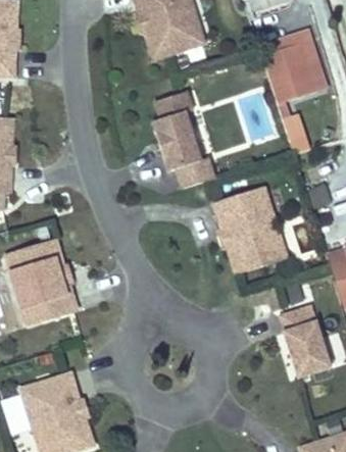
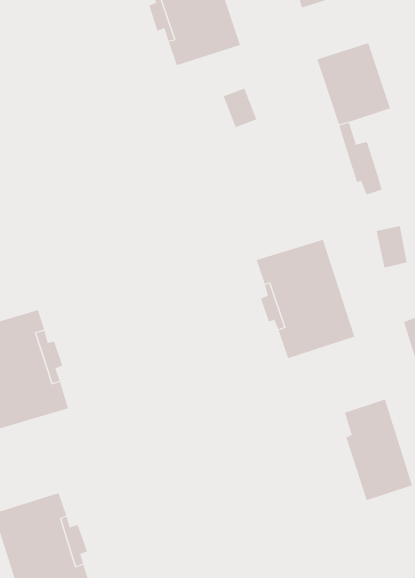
building: [152,92,217,190] -> none

